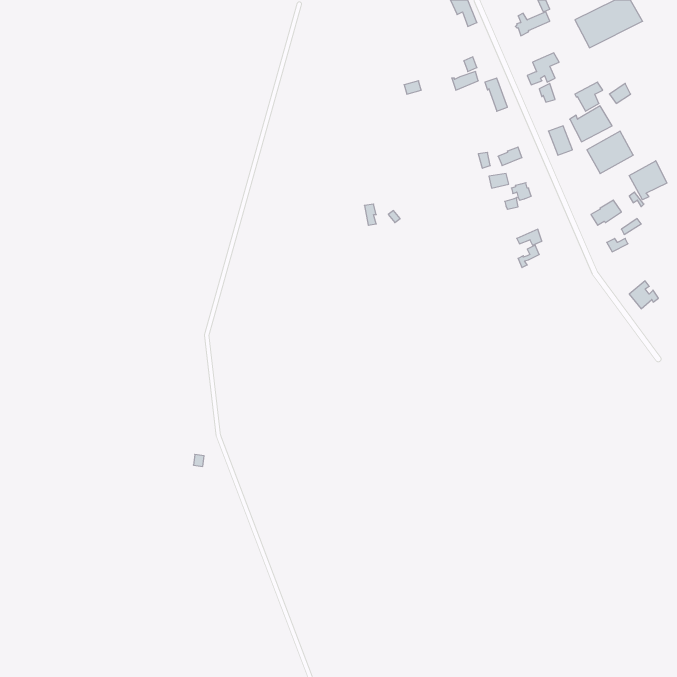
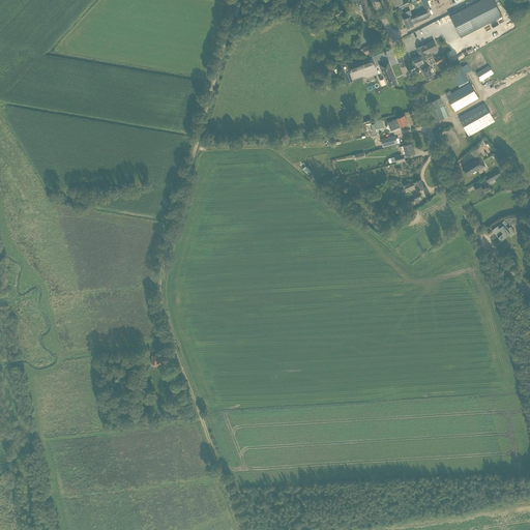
building: [629,161,667,200] -> none

